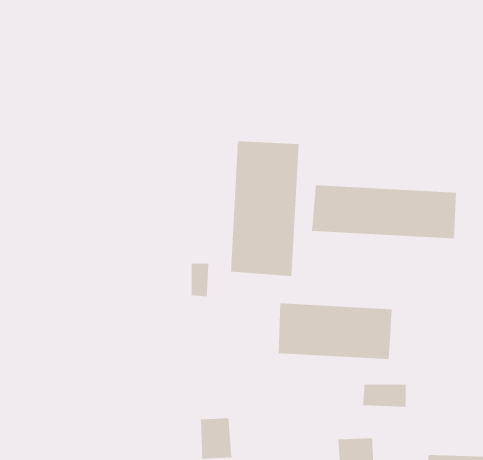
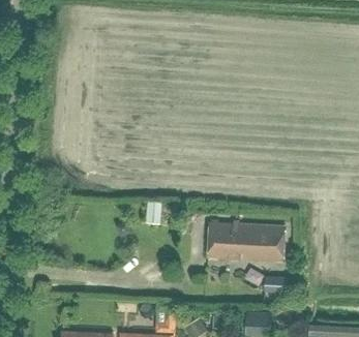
building: [231,141,299,277] -> none
building: [311,185,456,239] -> none

